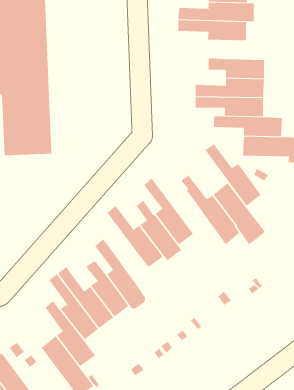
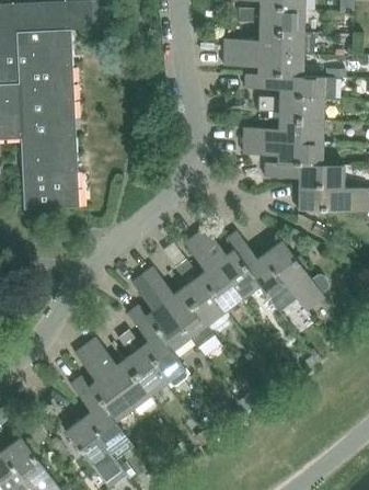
building: none -> [244,75,325,99]
building: [205,144,261,206] -> [194,227,260,299]
building: none -> [131,275,194,357]

